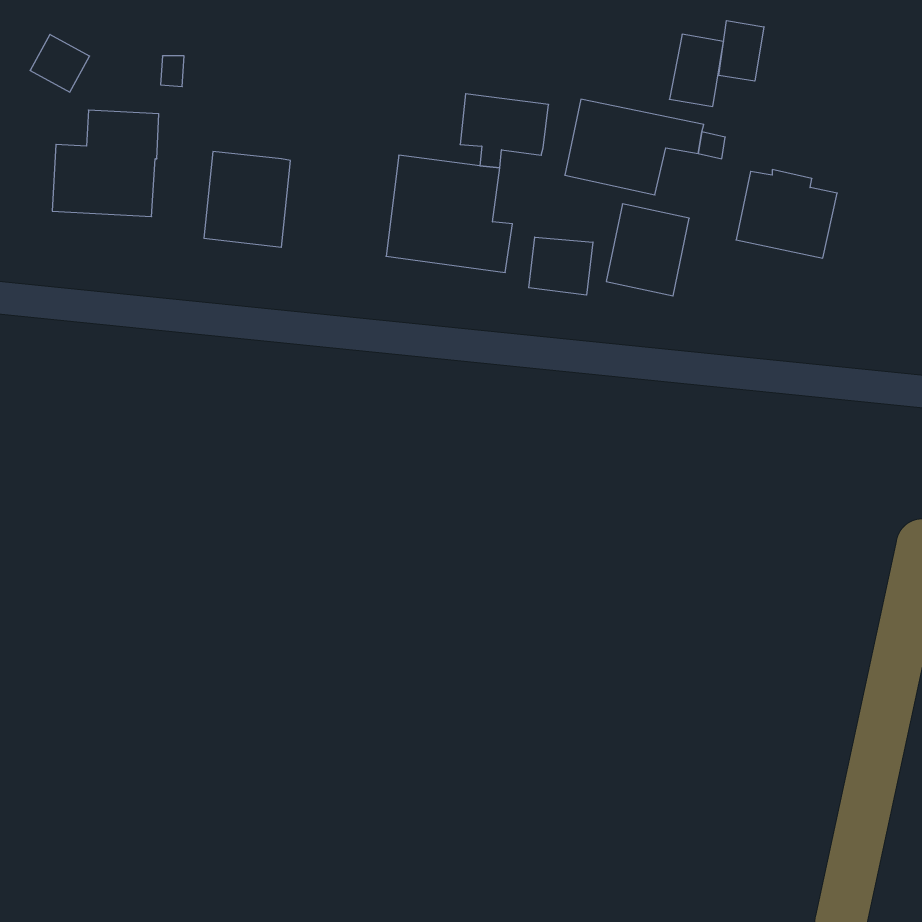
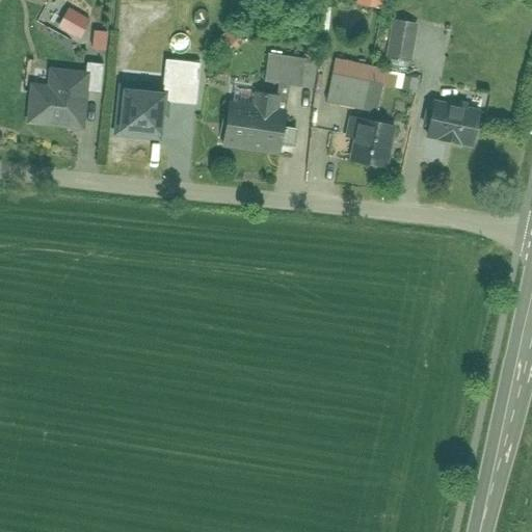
building: [719,21,764,81] -> none
building: [30,34,90,92] -> [55,6,89,39]
building: none -> [162,60,200,104]
building: [529,237,593,295] -> none

